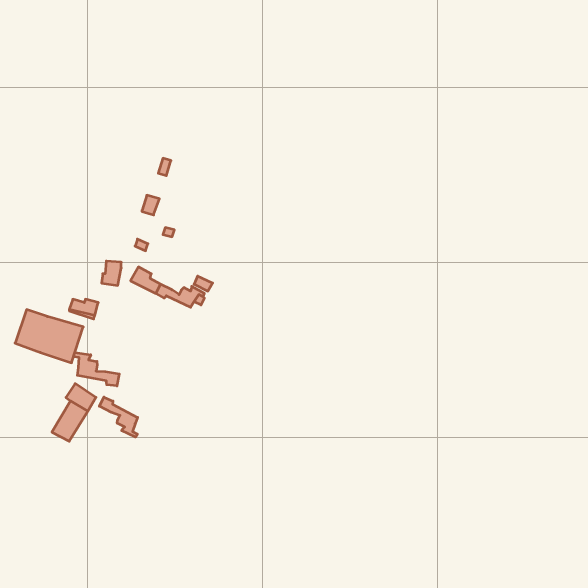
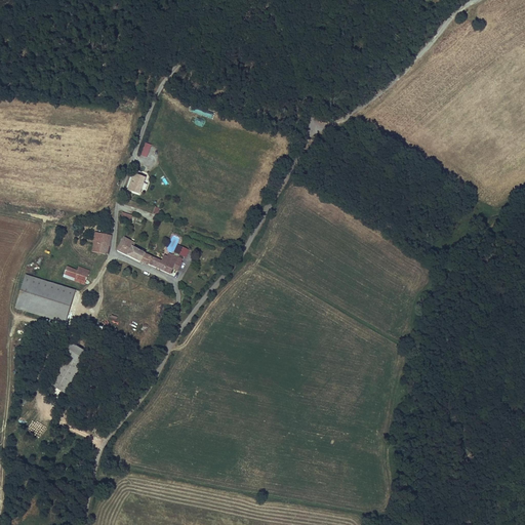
building: [74,353,119,386] -> none
building: [99,397,138,437] -> none

